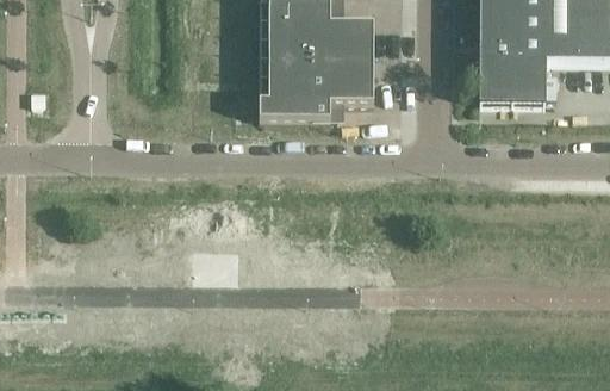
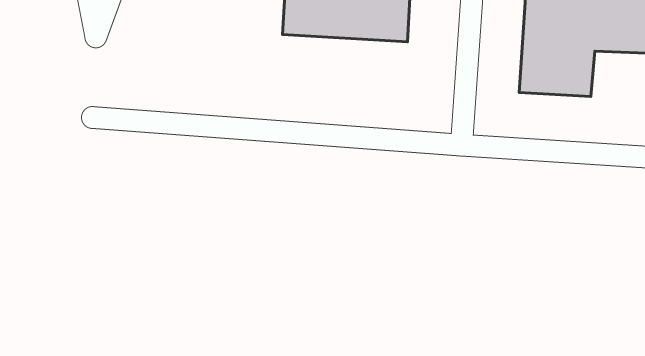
building: [260,60,375,118] -> none

